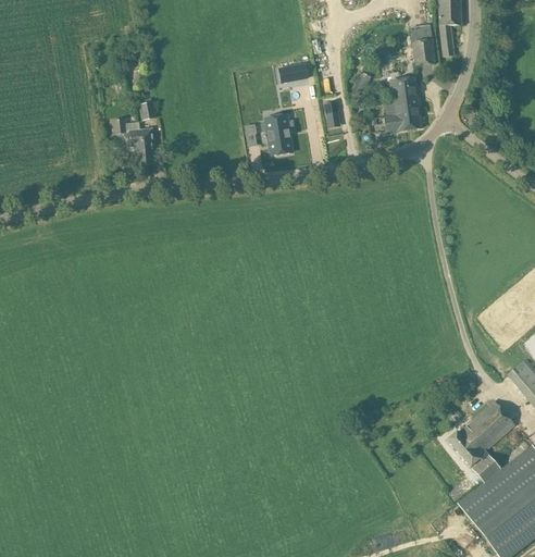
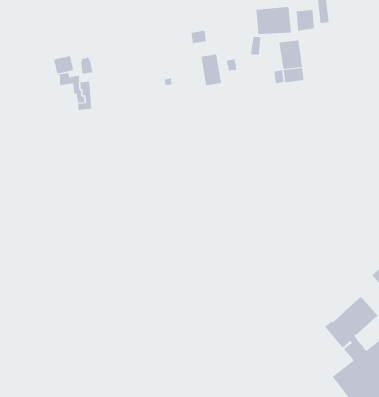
building: none -> [256,6,291,35]
building: none -> [53,55,74,75]
building: [266,121,294,161] -> [200,54,222,86]

